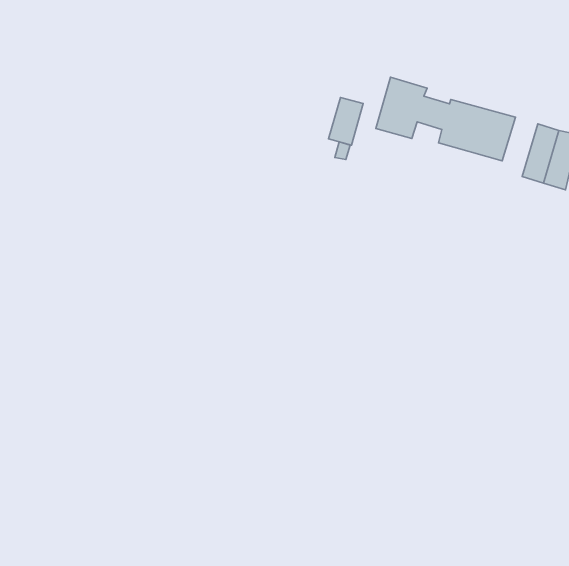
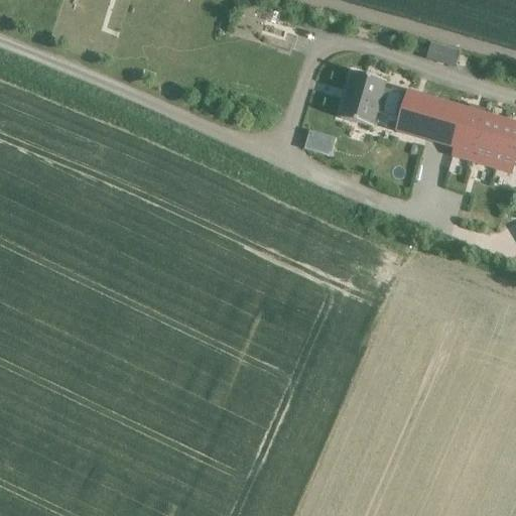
building: [329,97,363,145] -> none
building: none -> [453,106,487,159]

